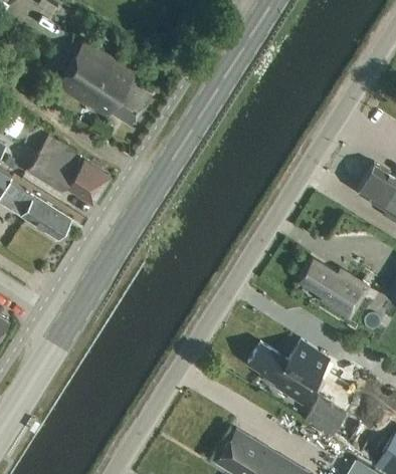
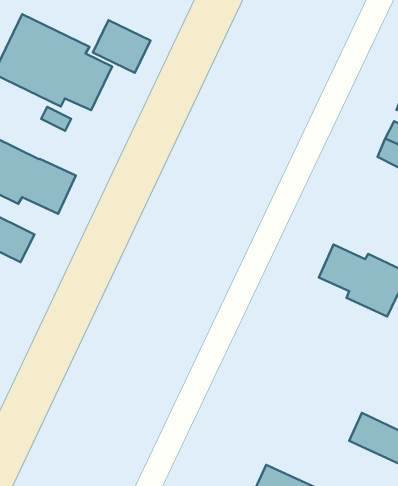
building: none -> [93,20,150,73]
building: [247,339,329,405] -> none

